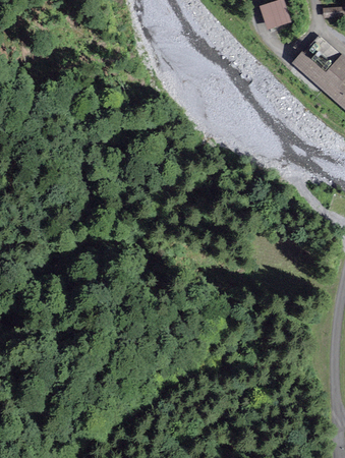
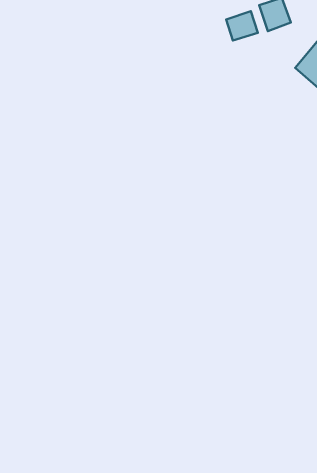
building: none -> [226,11,258,40]

